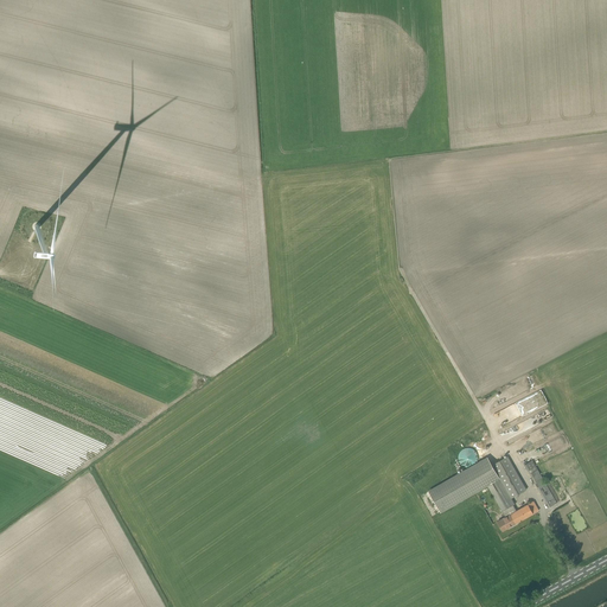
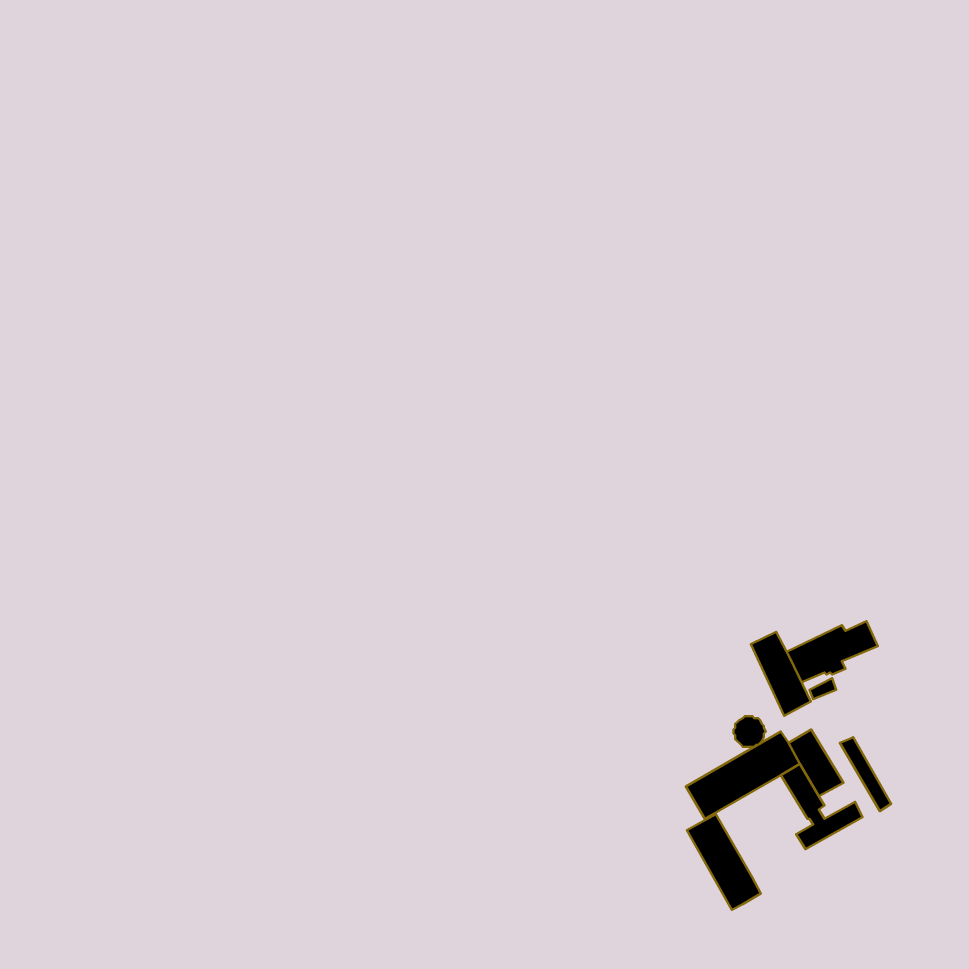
building: none -> [751,632,811,716]
building: none -> [687,814,761,910]

